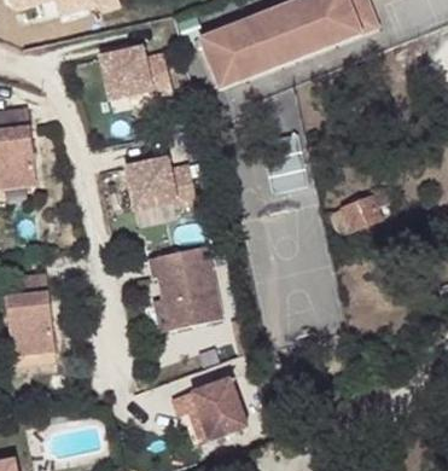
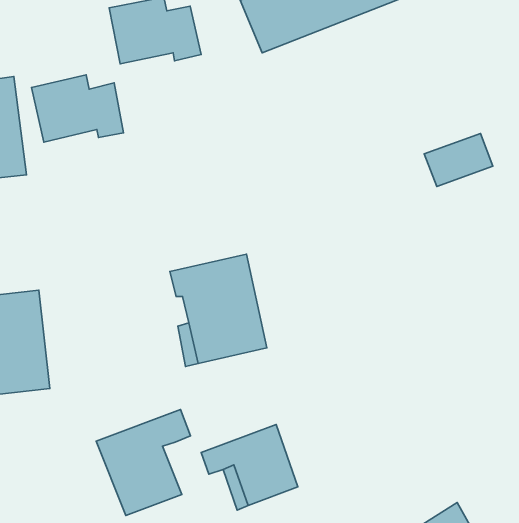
building: [123,157,194,209] -> [31,75,124,142]
building: [331,193,384,234] -> [424,134,493,187]
building: none -> [96,410,191,516]

